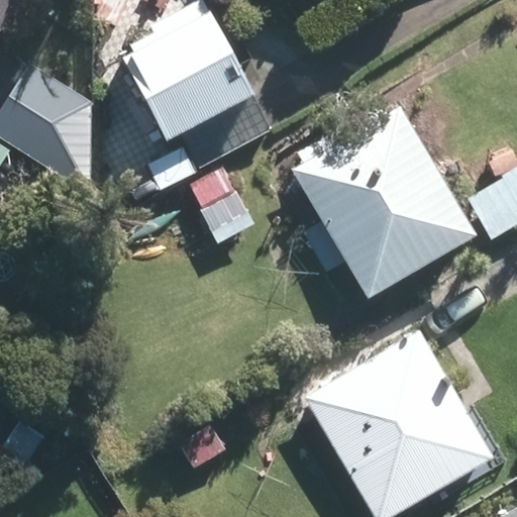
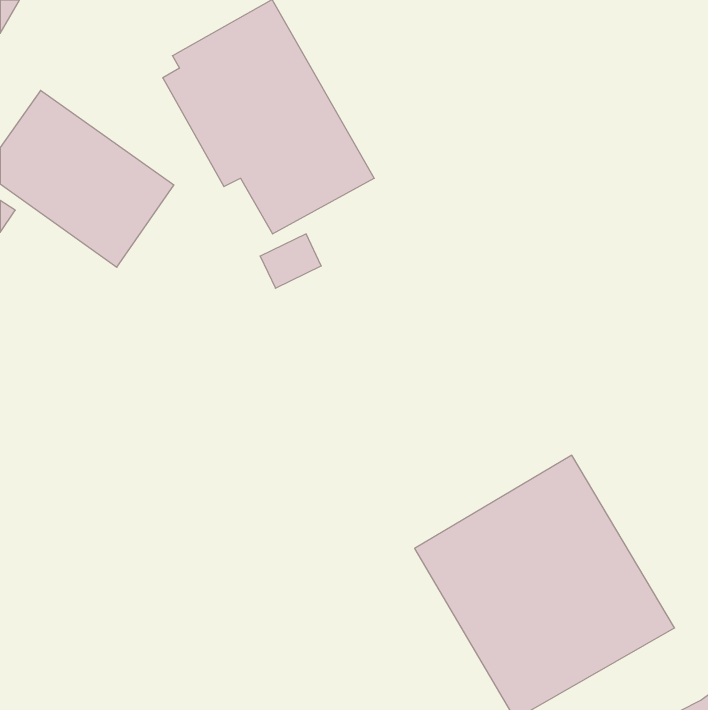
building: [290,103,478,299] -> none

